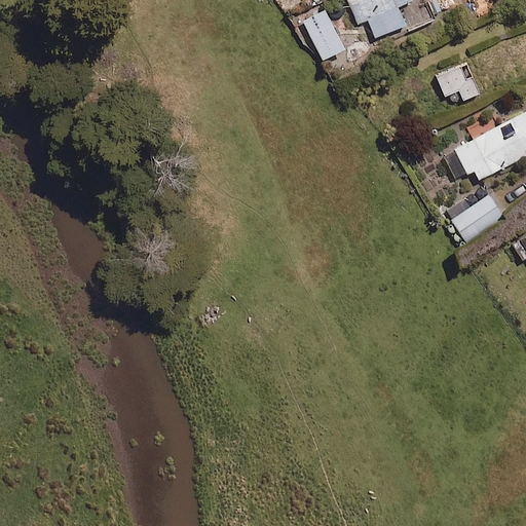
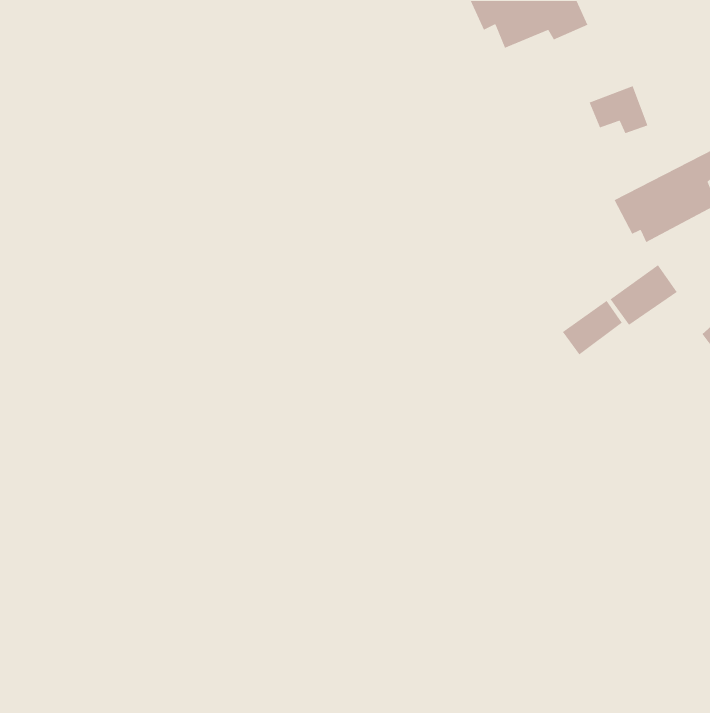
building: [302,8,343,60] -> none
building: none -> [562,300,623,355]

